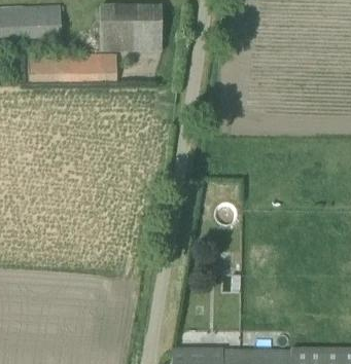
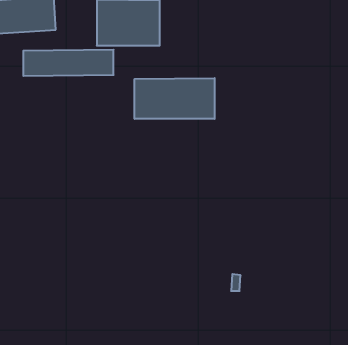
building: none -> [135,78,215,119]

